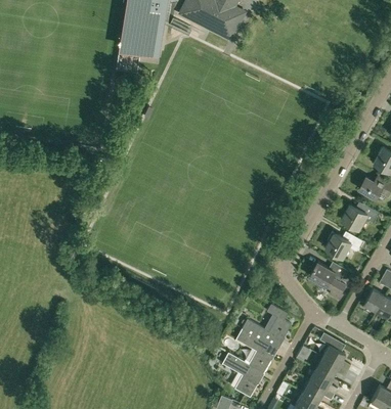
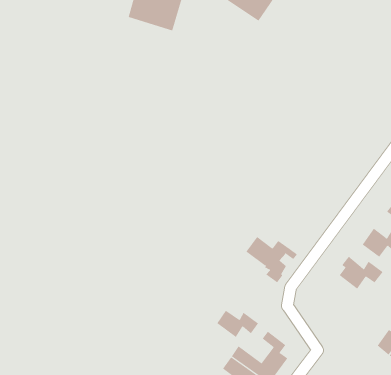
building: [309,263,354,301] -> [245,236,298,283]
building: none -> [216,310,259,338]

